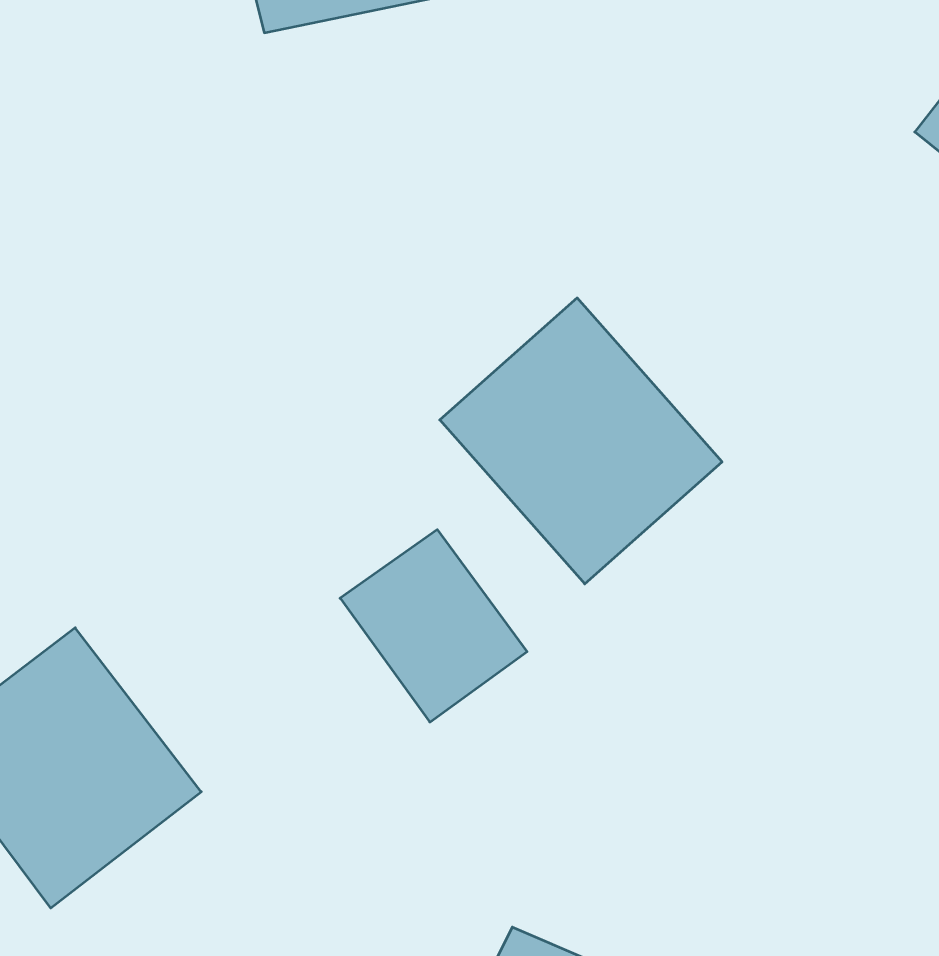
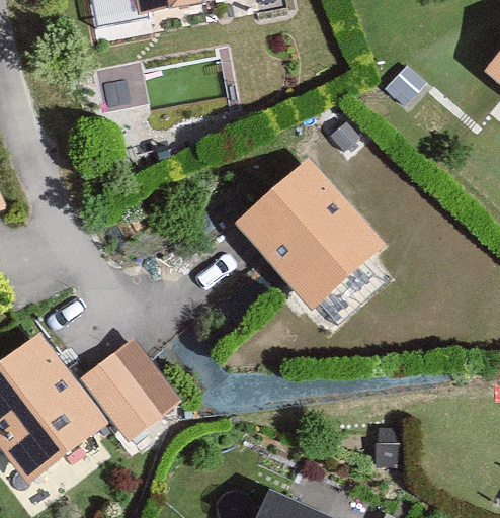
building: [340,530,527,722] -> [80,335,179,437]

